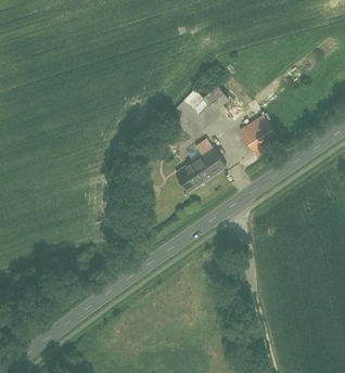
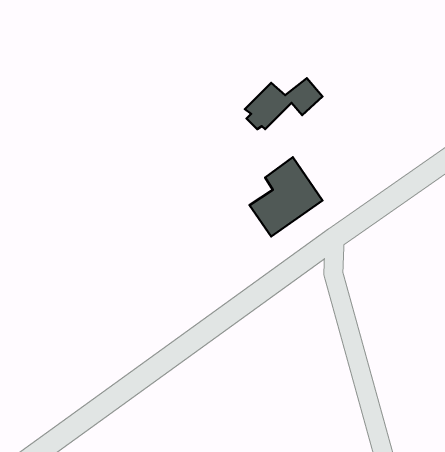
building: [239,108,272,139] -> none

